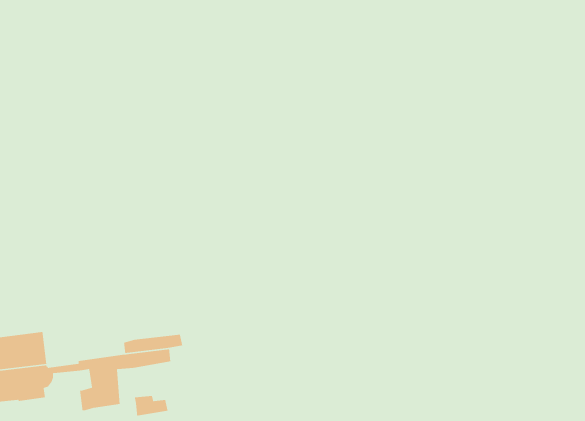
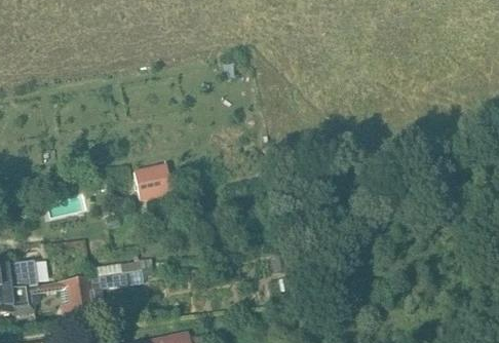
building: none -> [136,162,174,200]

